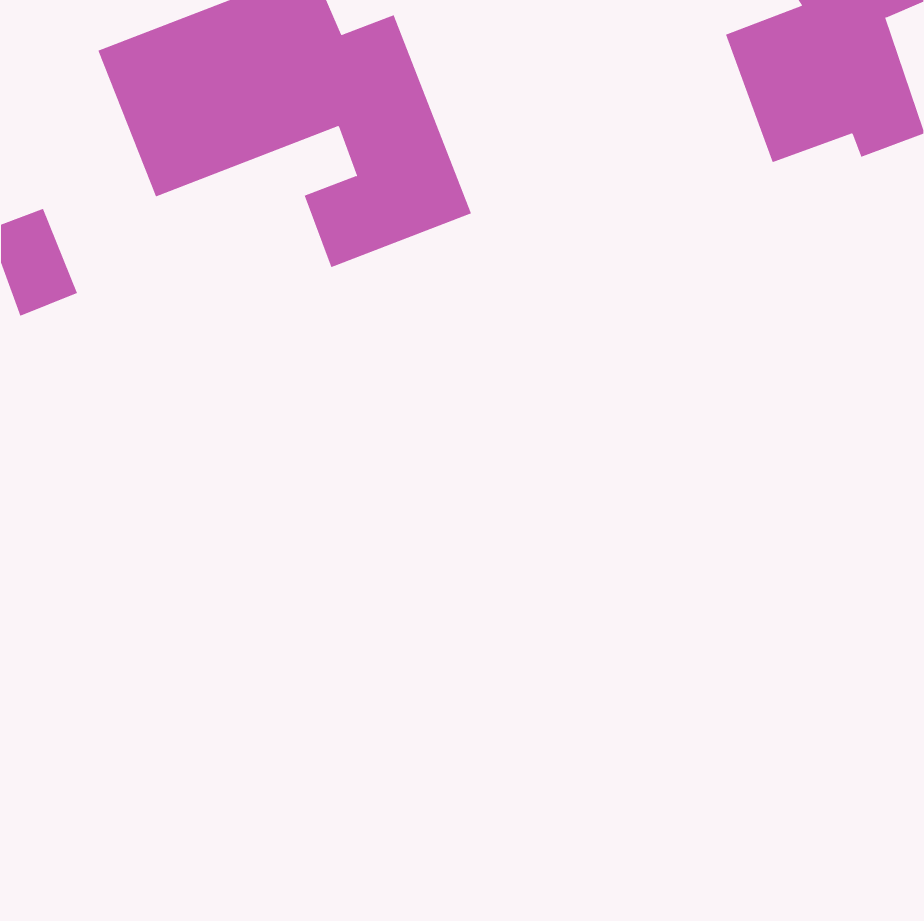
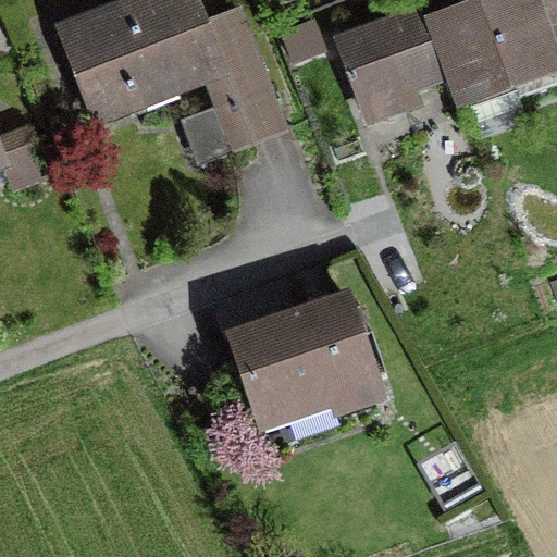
building: none -> [341,5,454,116]
building: none -> [232,297,379,418]

